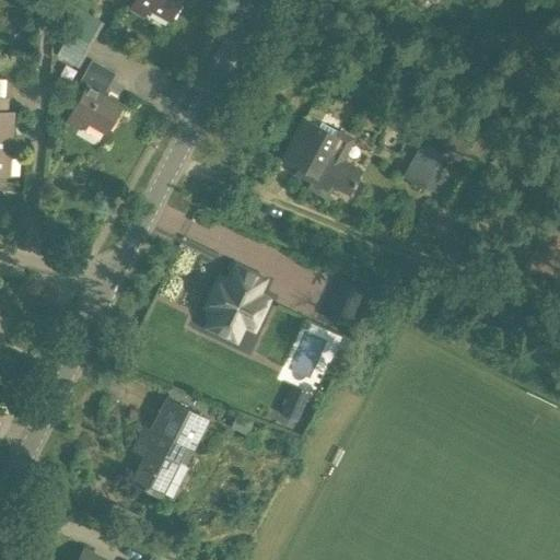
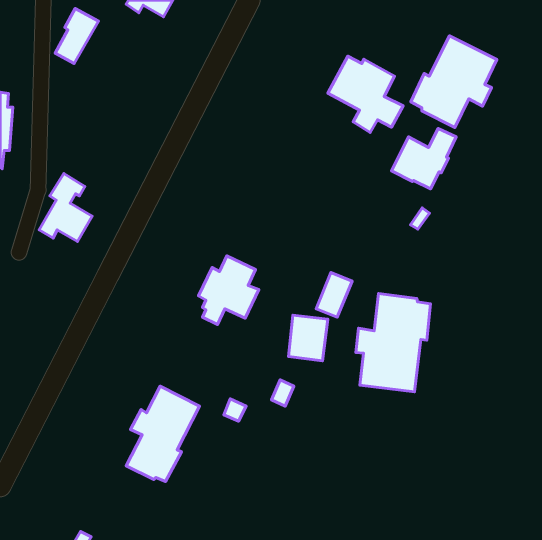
building: none -> [411,36,497,128]
building: [67,61,121,131] -> [39,174,92,242]
building: [281,120,359,199] -> [328,56,403,132]
building: none -> [356,293,430,392]

